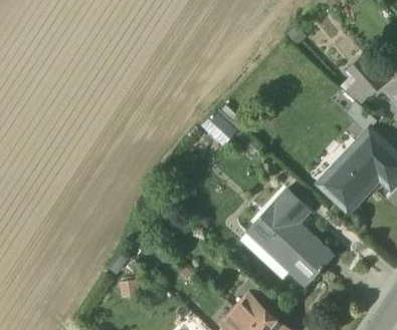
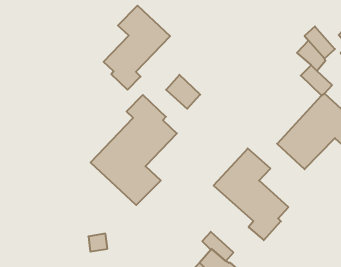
building: none -> [104,6,170,90]
building: none -> [91,95,177,205]
building: [240,228,293,279] -> none

